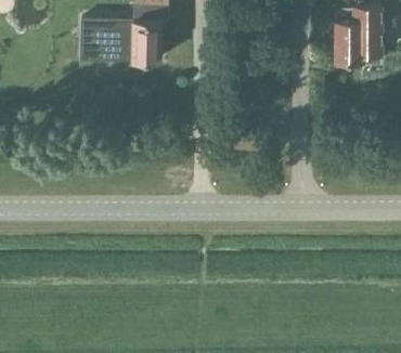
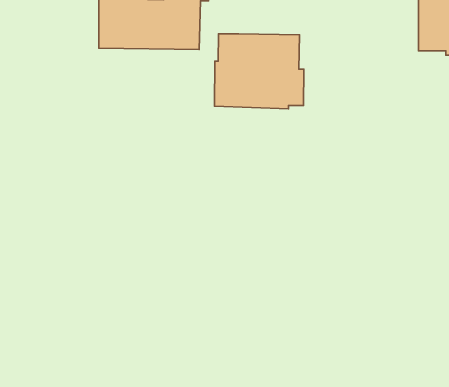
building: none -> [214,34,304,109]

